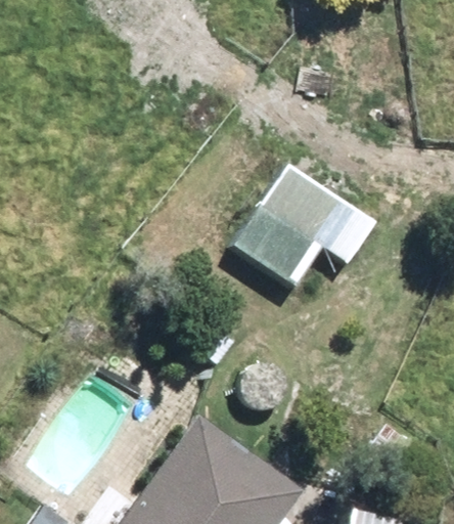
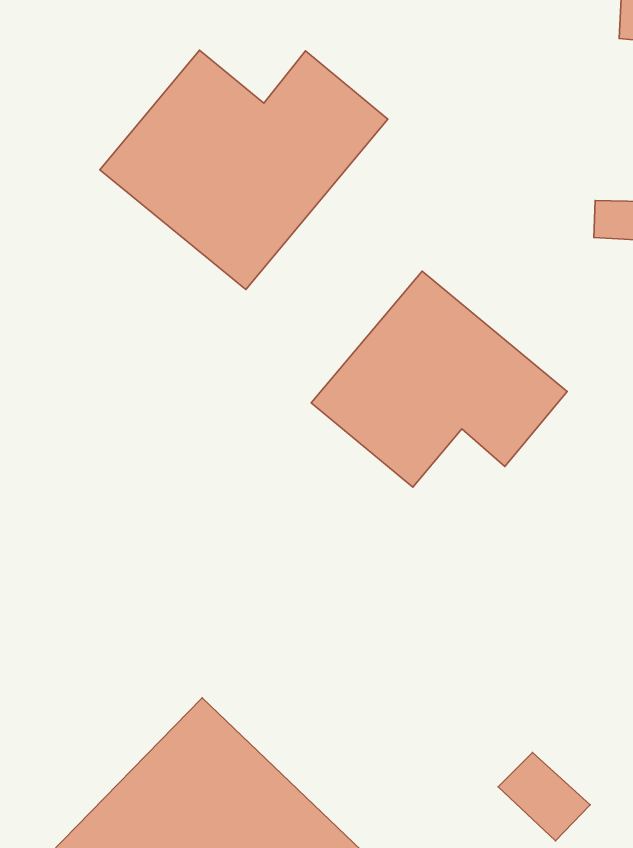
building: none -> [100,50,388,289]

